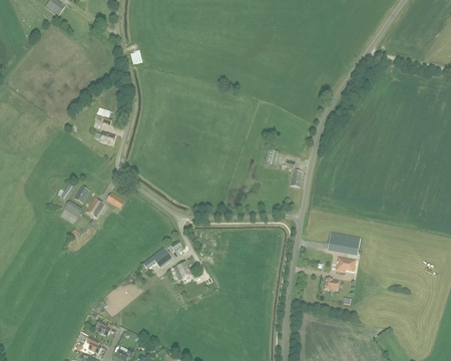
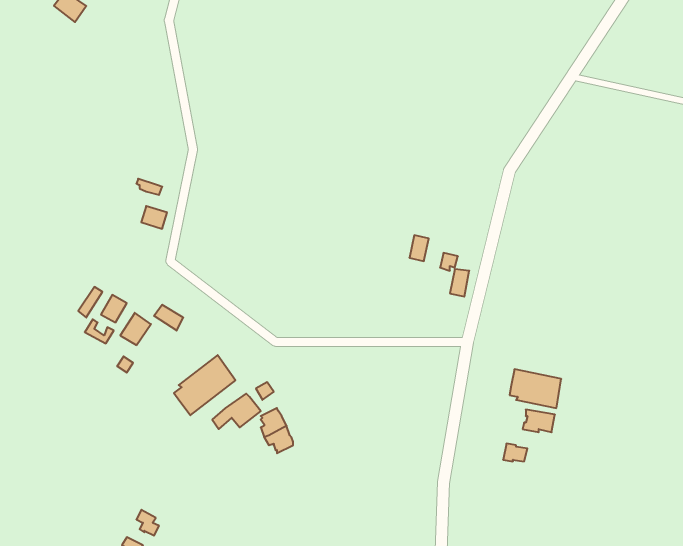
building: none -> [174,355,235,415]

